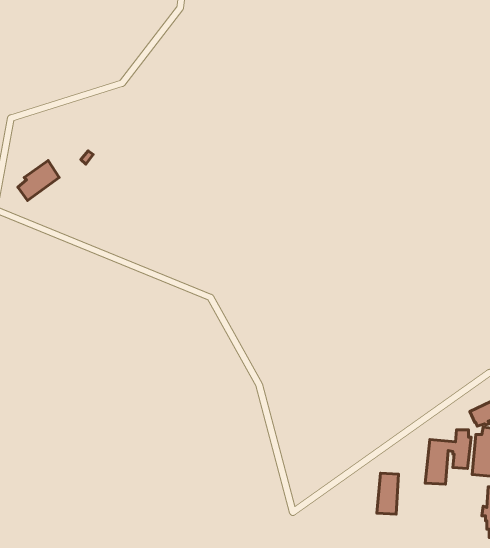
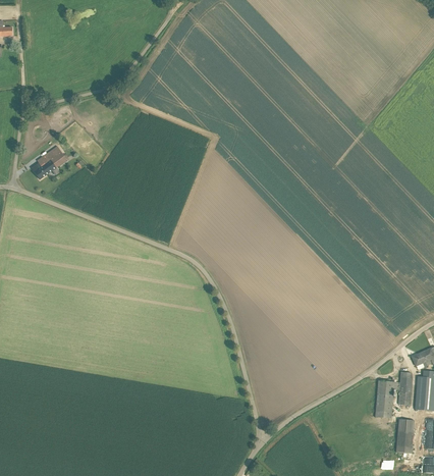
building: [377,473,399,514] -> [395,419,414,454]

